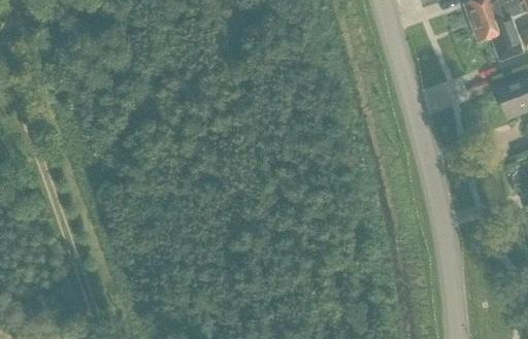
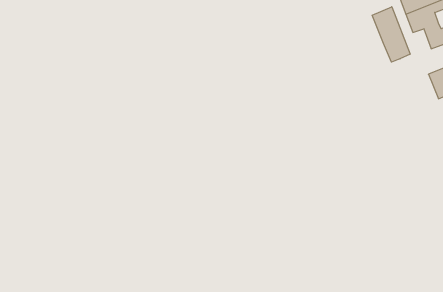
building: none -> [372,7,410,62]

